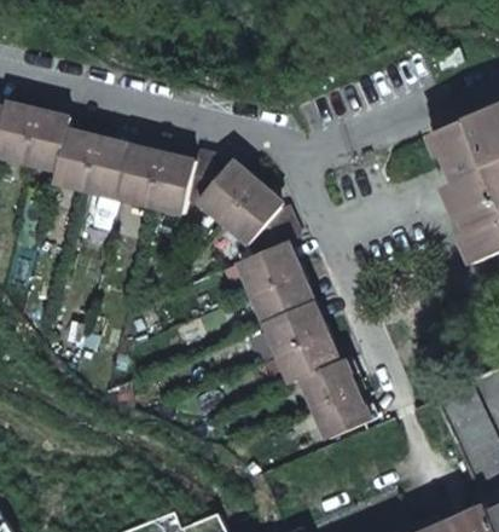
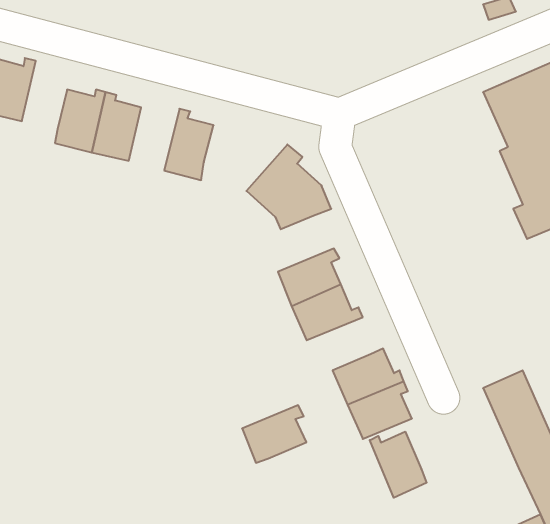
building: [25,106,69,167] -> none
building: [120,148,164,203] -> none
building: [186,148,260,221] -> none
building: [239,243,301,293] -> none
building: [277,332,333,383] -> [242,405,306,463]
building: none -> [370,432,427,498]

